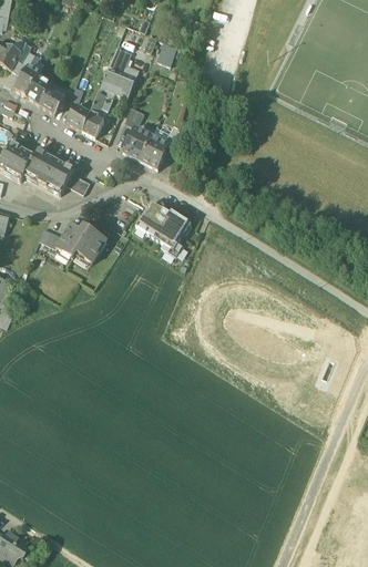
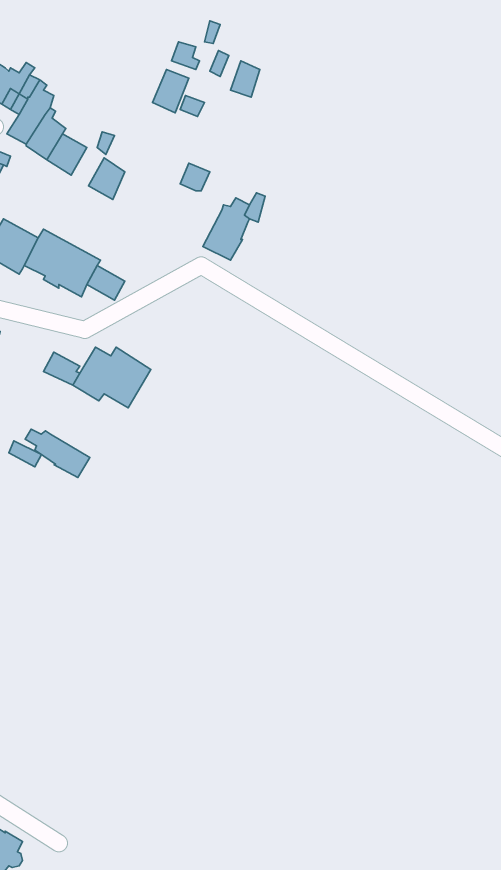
building: [100,69,135,99] -> none
building: [82,92,112,137] -> none
building: [122,127,152,161] -> none
building: [135,202,191,258] -> none
building: none -> [25,429,90,477]

